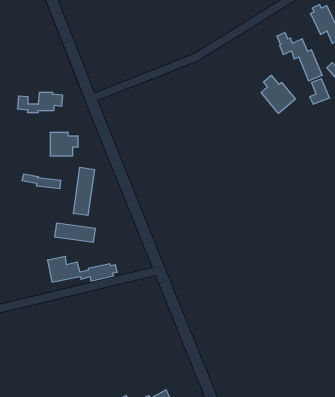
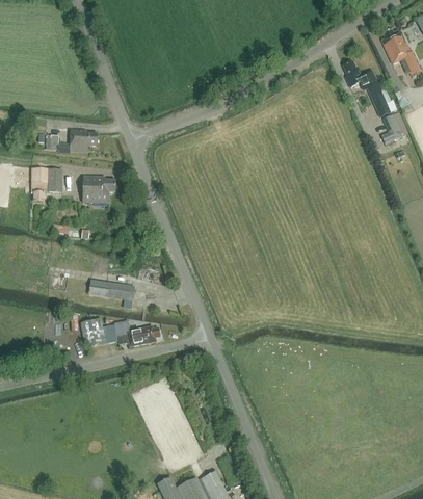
building: [261,75,296,113] -> none
building: none -> [30,168,62,202]
building: [73,167,94,216] -> none

